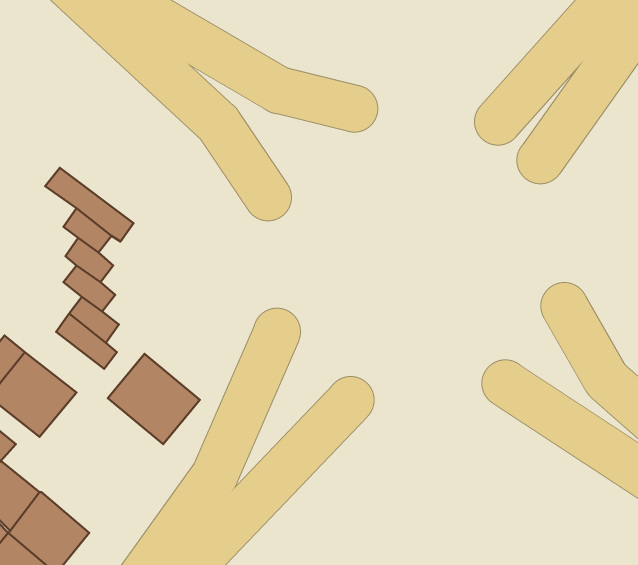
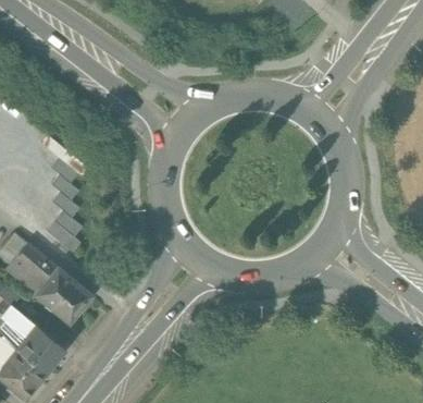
building: [108,354,200,444] -> [35,266,89,319]

